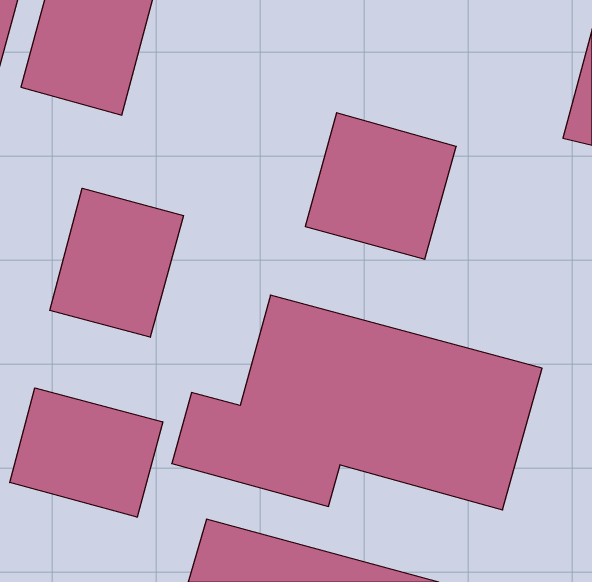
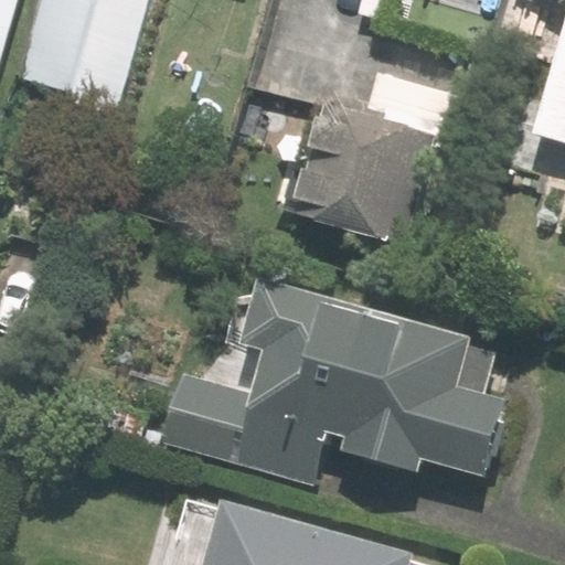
building: [50,188,183,337] -> none
building: [10,388,163,517] -> none

